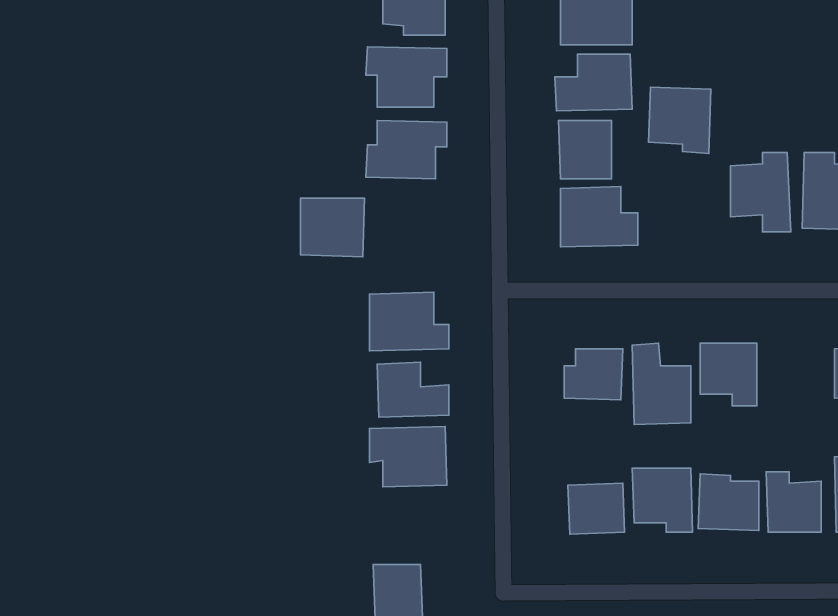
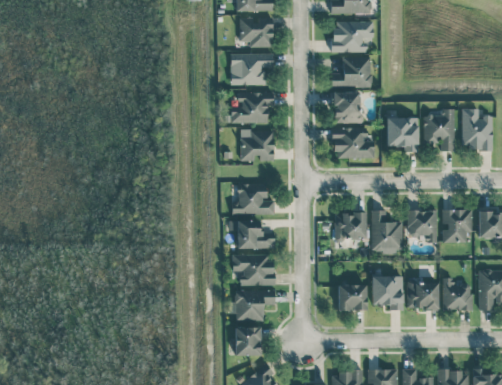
building: [649,87,711,153] -> [386,117,419,152]
building: [300,198,365,257] -> [241,130,275,161]
building: none -> [443,209,473,243]
building: none -> [234,290,276,321]

